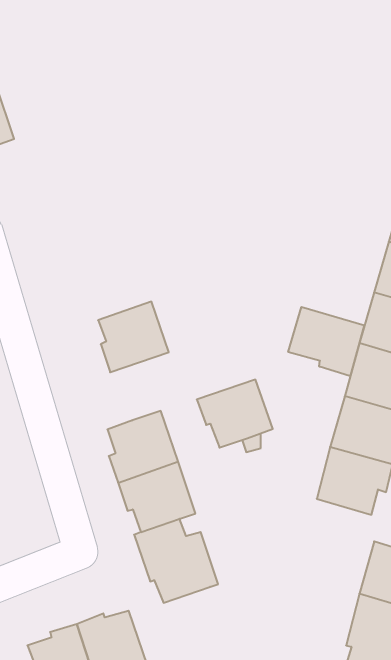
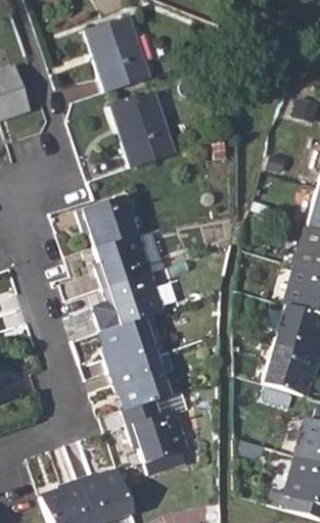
building: none -> [85,15,148,91]
building: none -> [111,90,176,165]
building: none -> [79,194,148,246]
building: [288,307,364,376] -> none
building: [197,380,273,448] -> [103,271,162,323]

